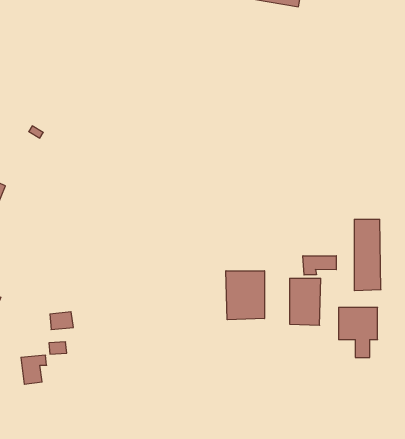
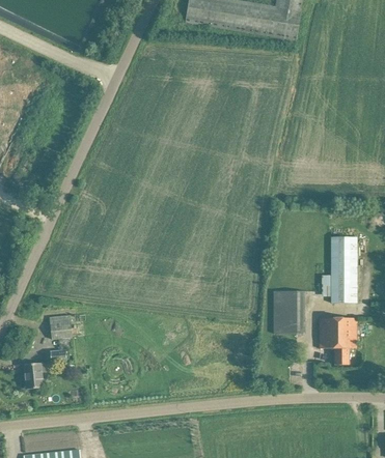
building: [303,256,336,275] -> none
building: [226,271,264,320] -> none

